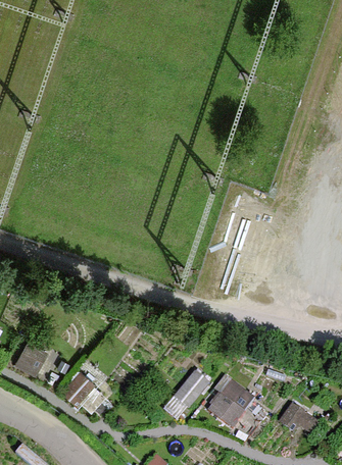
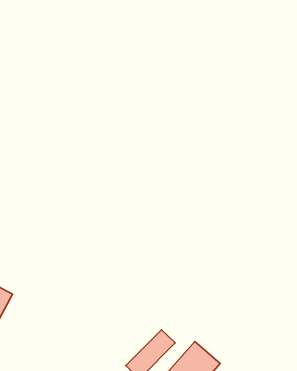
building: [62,371,103,411] -> none

